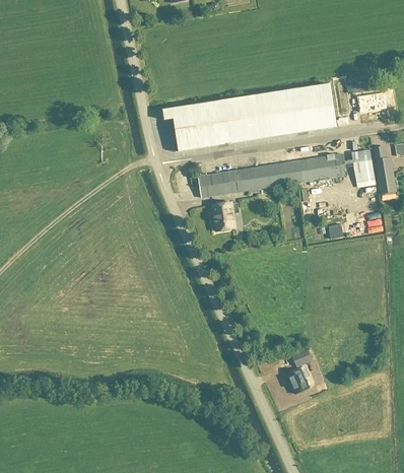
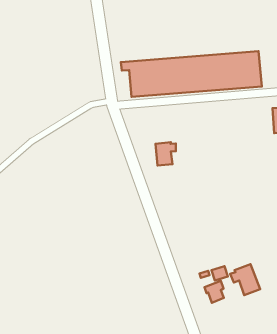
building: [198,153,346,196] -> none
building: none -> [230,264,260,295]

